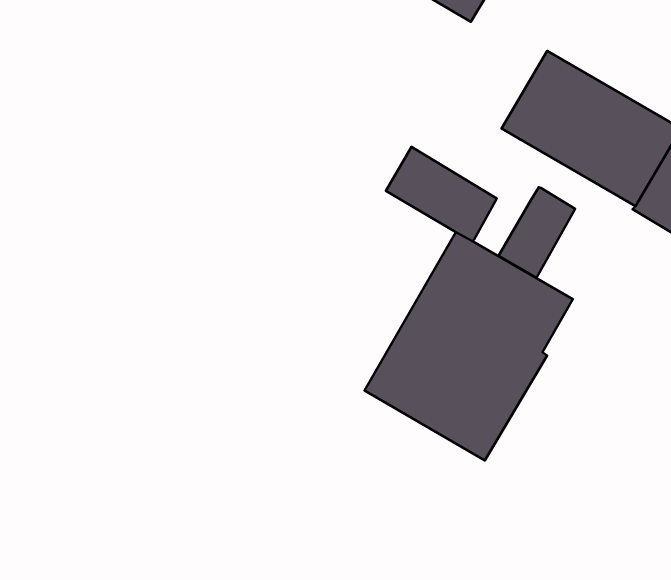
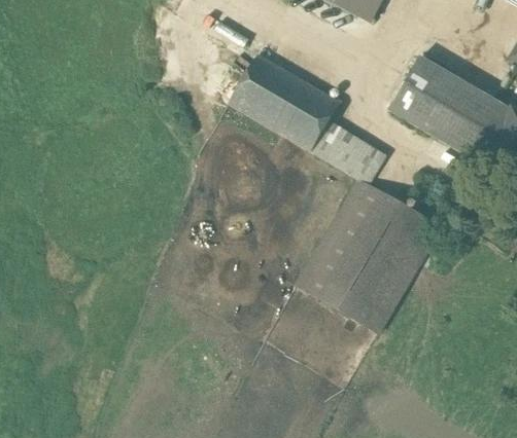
building: none -> [228,52,338,149]
building: [499,187,575,278] -> none

